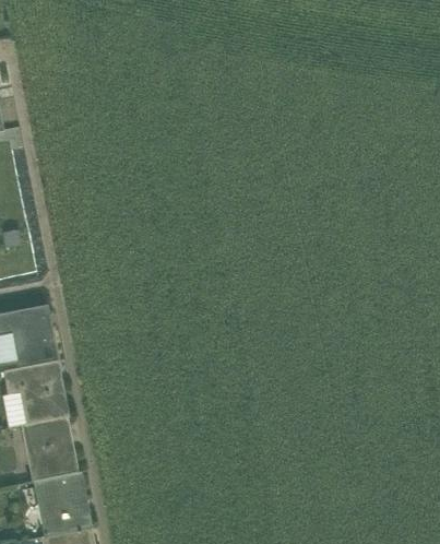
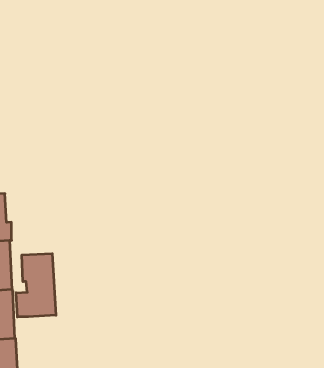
building: none -> [16,254,56,317]

